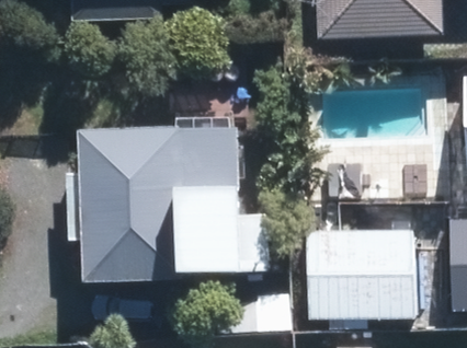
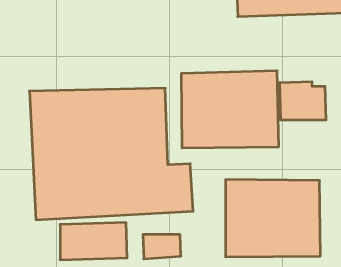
building: none -> [182,71,278,148]

